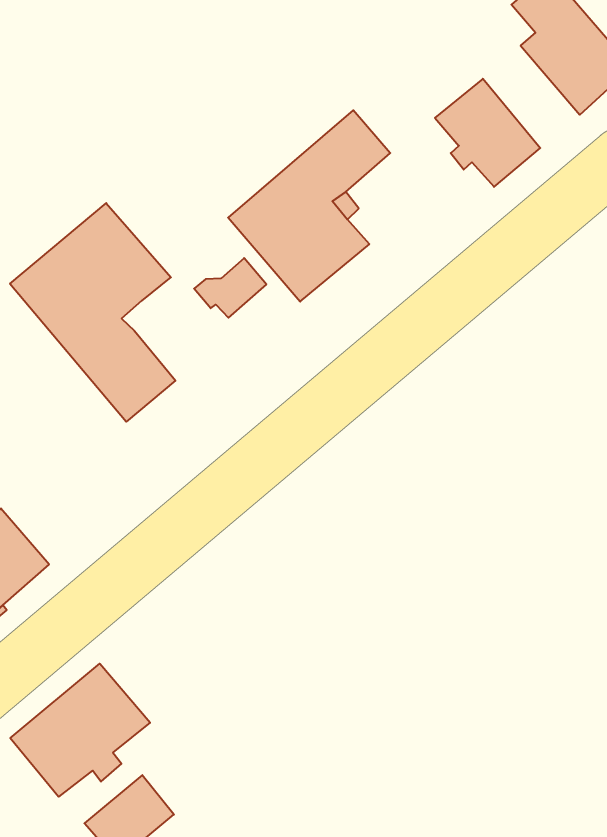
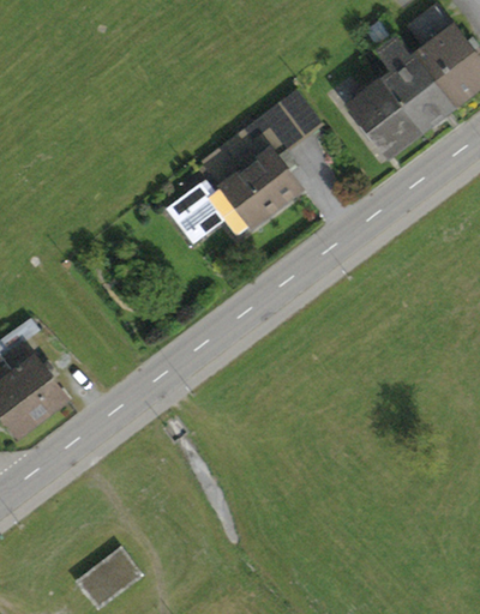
building: none -> [378,37,452,127]
building: [10,203,175,422] -> none
building: [10,664,150,797] -> none

